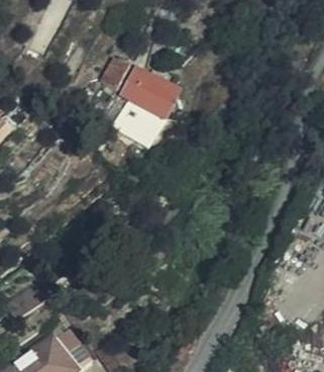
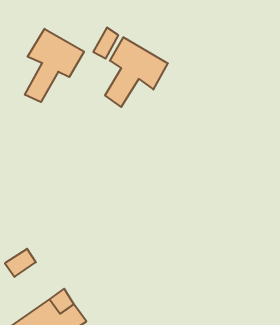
building: none -> [25,29,84,102]

